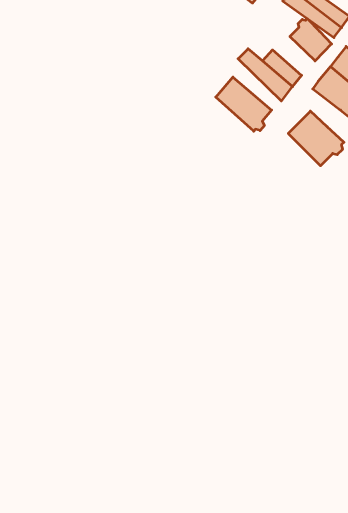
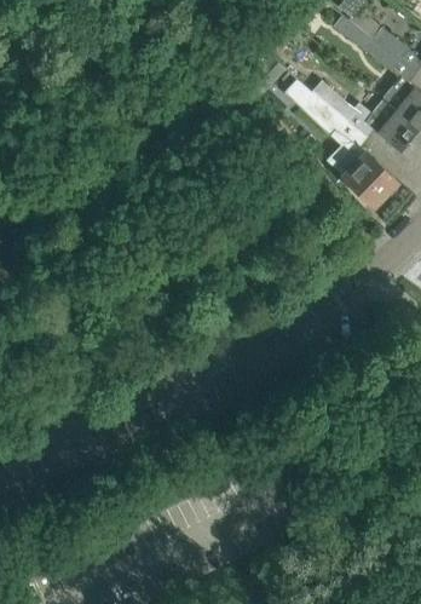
building: [290,19,332,61] -> none
building: [216,77,272,131] -> none

